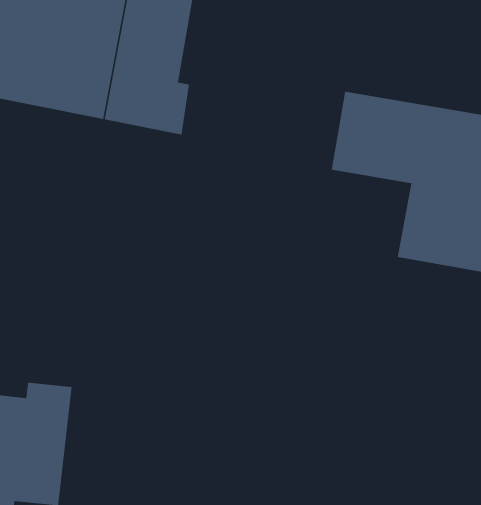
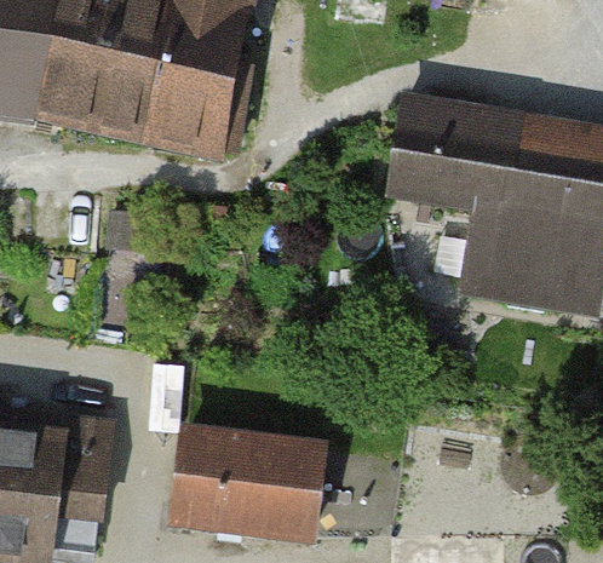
building: none -> [173,435,320,541]

